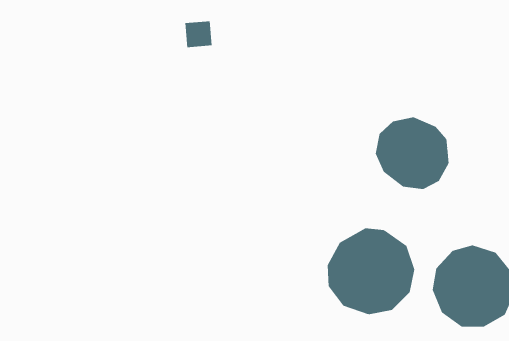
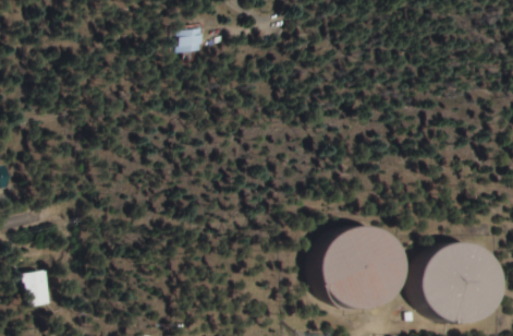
building: [375,117,449,190] -> none
building: none -> [30,271,52,304]

